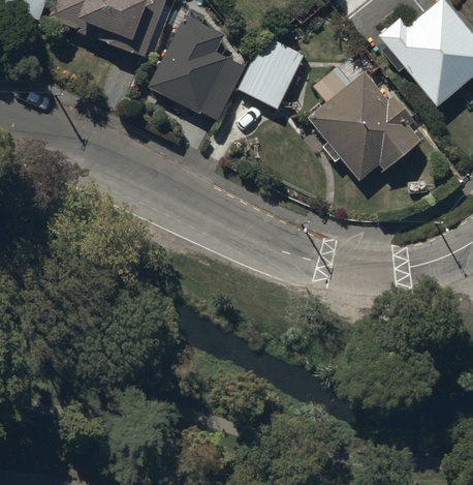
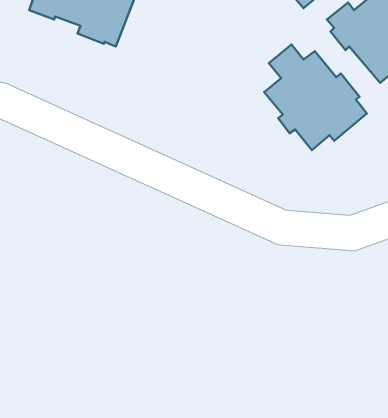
building: [148,17,245,122] -> none
building: [239,38,304,112] -> none

